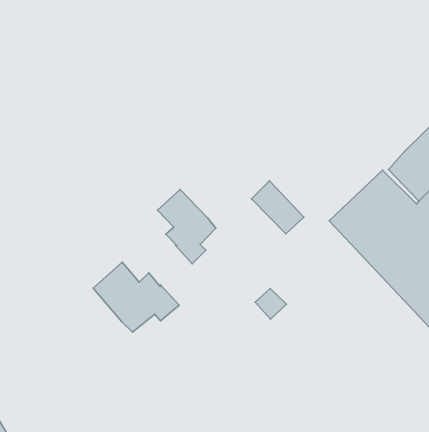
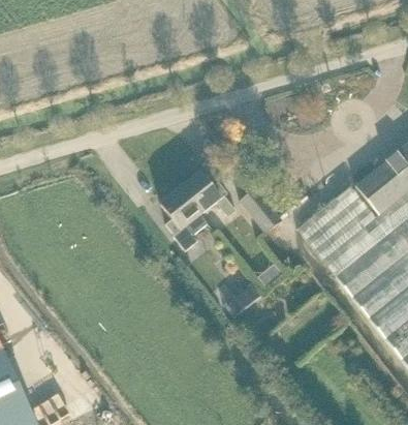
building: none -> [180,173,234,217]
building: [93,262,179,332] -> none

